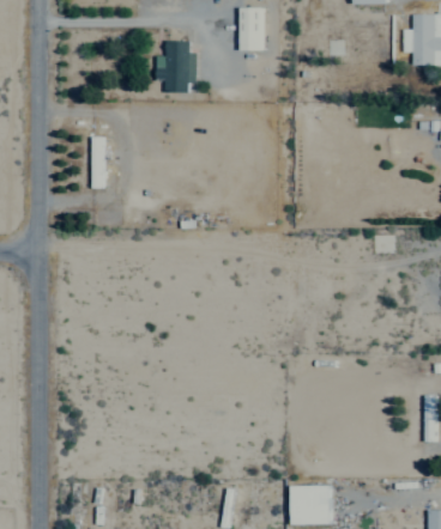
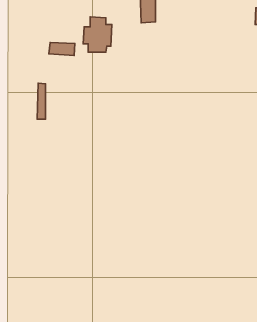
building: none -> [49,43,75,56]

